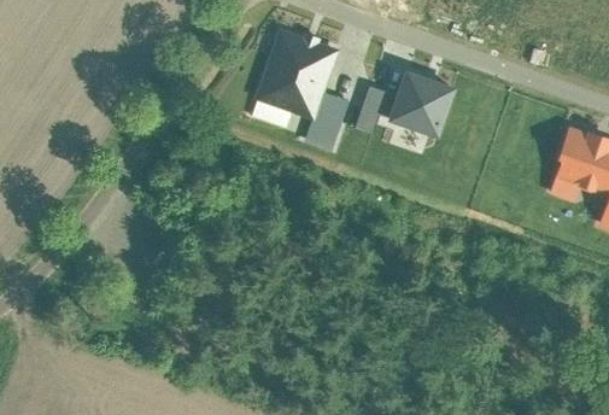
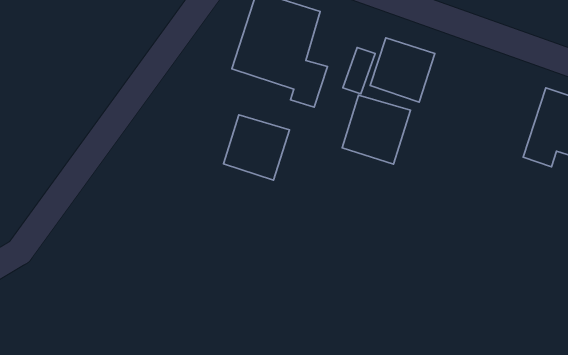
building: none -> [342,95,411,164]
building: none -> [223,115,290,180]

